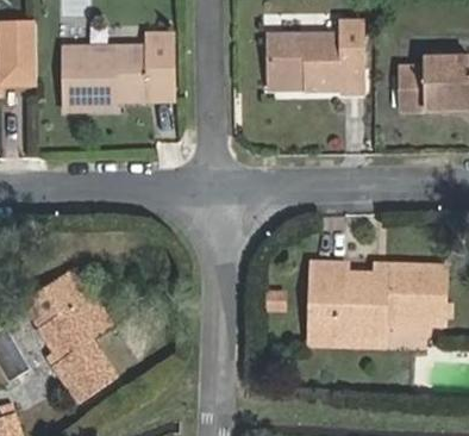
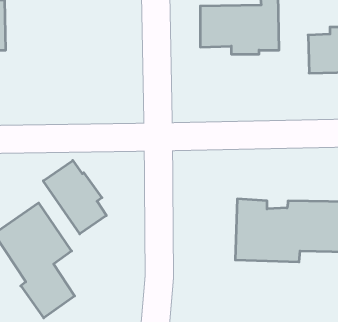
building: [63,31,174,111] -> none
building: none -> [43,160,106,234]

